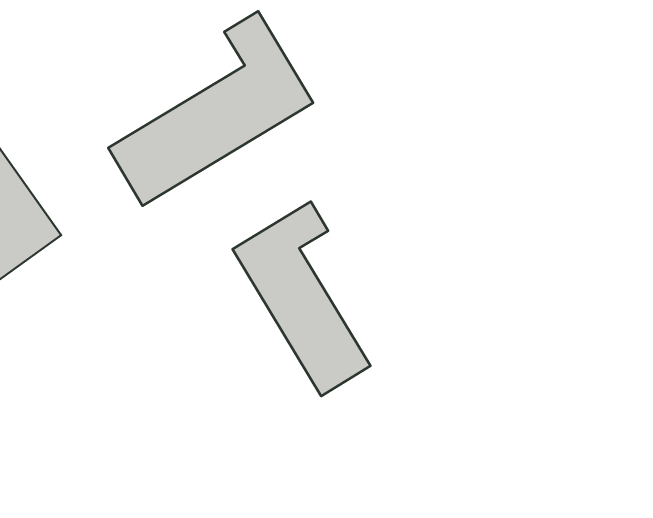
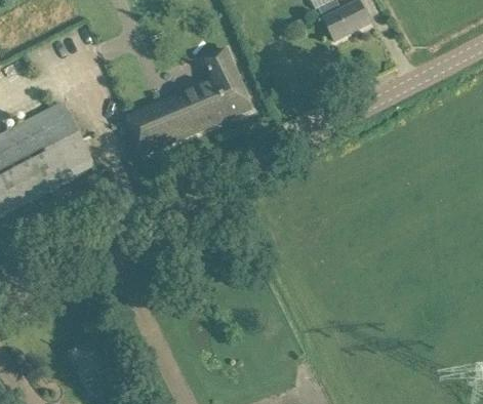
building: [232,202,370,396] -> none

